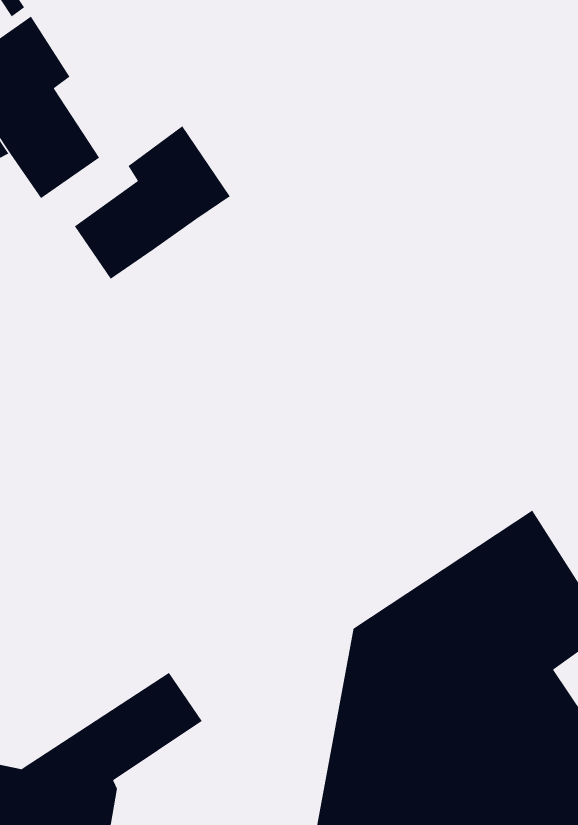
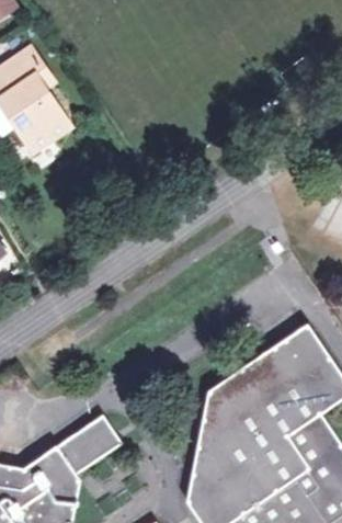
building: [74,125,231,280] -> none

